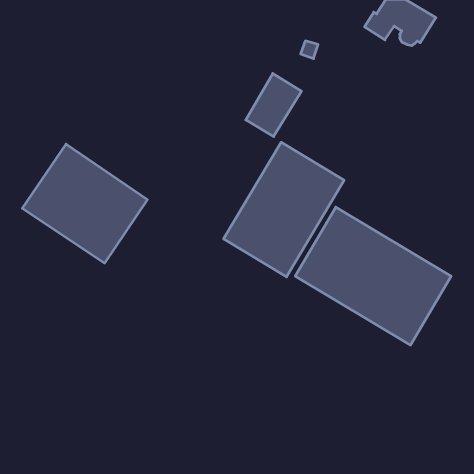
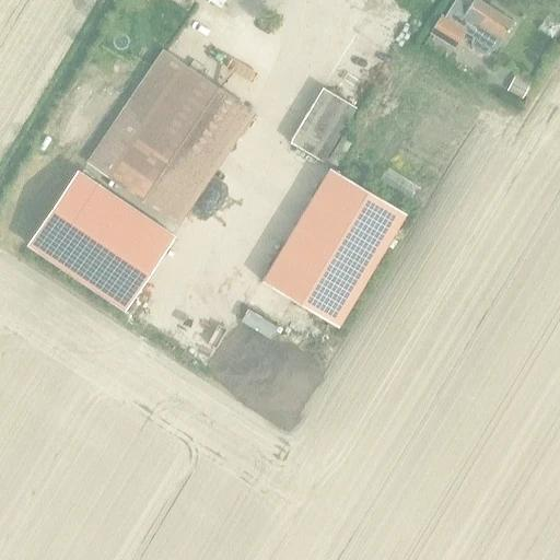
building: none -> [88,50,254,222]
building: [295,207,451,345] -> none

